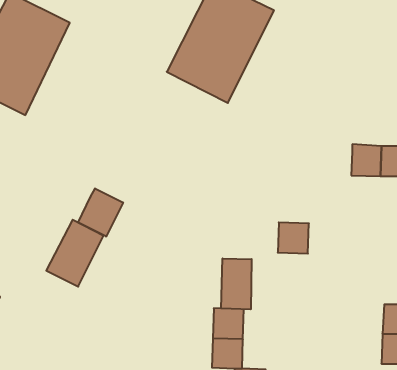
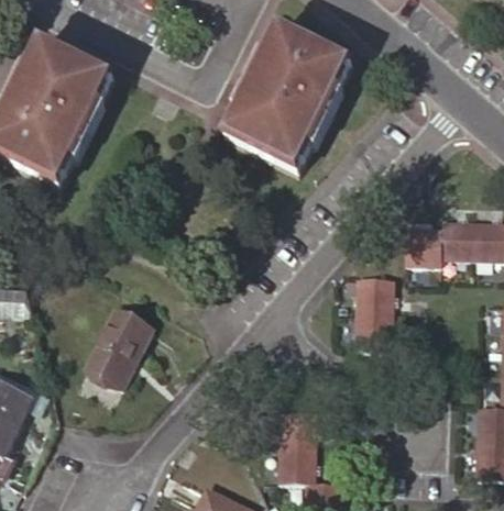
building: none -> [405,225,442,263]
building: [78,188,123,237] -> none
building: none -> [357,276,393,311]
building: [221,258,252,309] -> none

